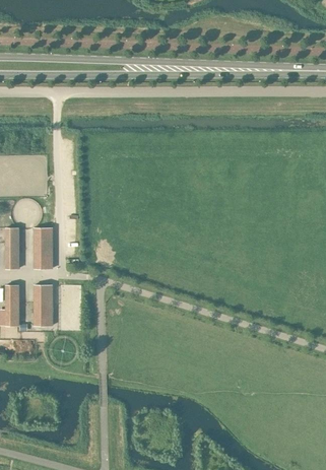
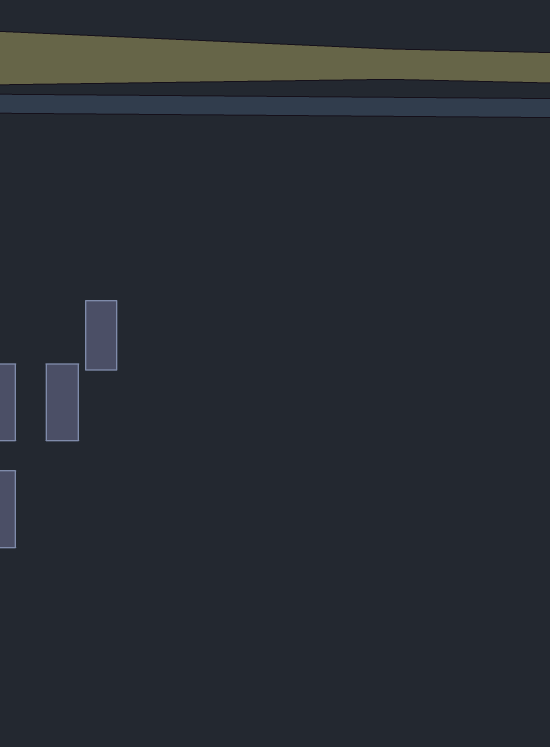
building: none -> [86,301,117,370]
building: [34,283,51,324] -> none

